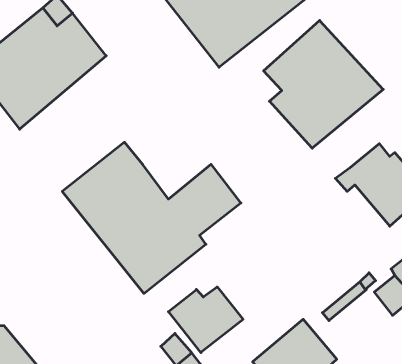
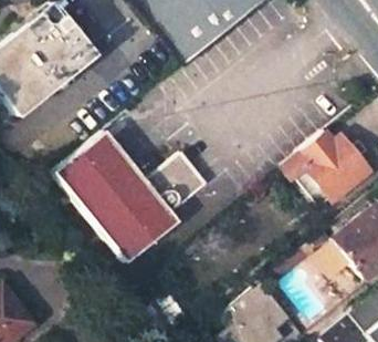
building: [264,20,383,148] -> none
building: [168,287,243,353] -> none

